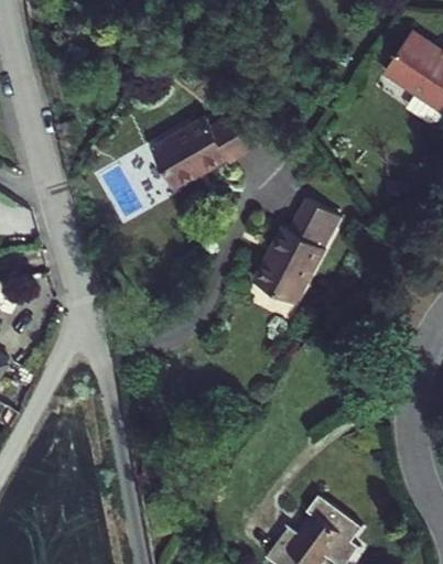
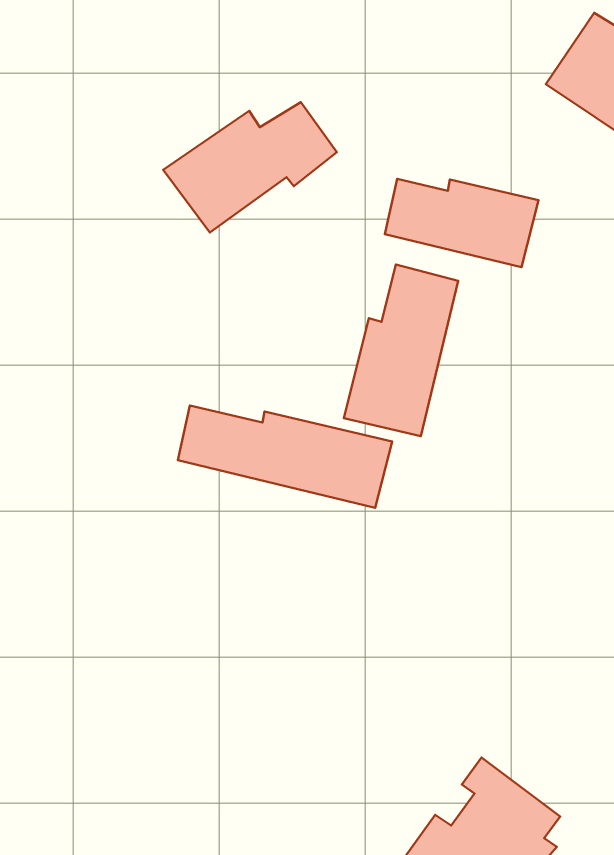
building: none -> [385,179,538,267]
building: none -> [178,405,392,508]

